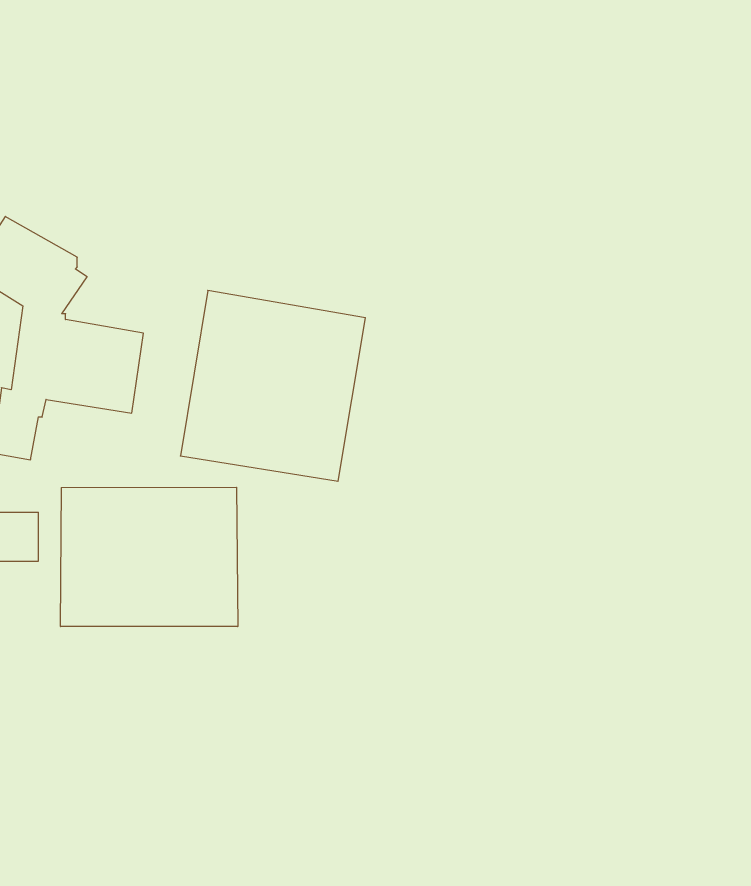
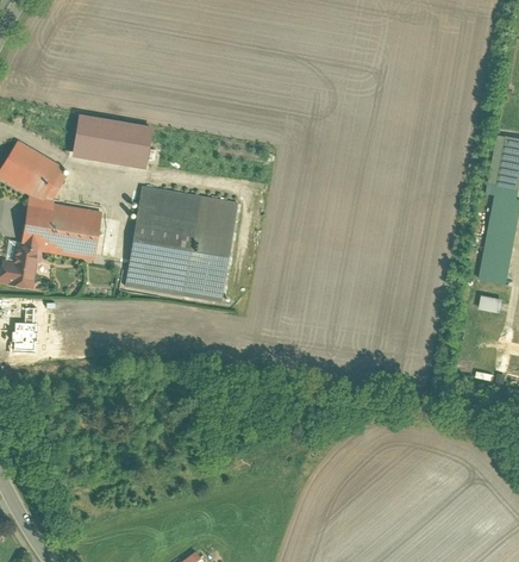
building: none -> [80,114,165,173]
building: [61,487,238,627] -> none

